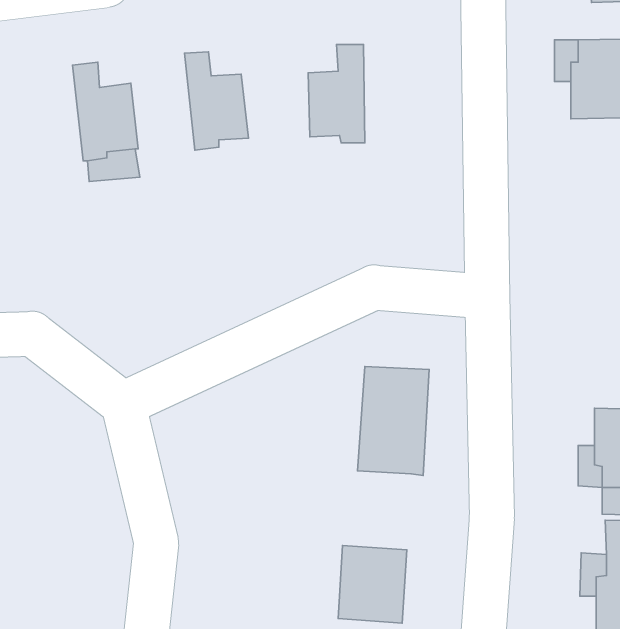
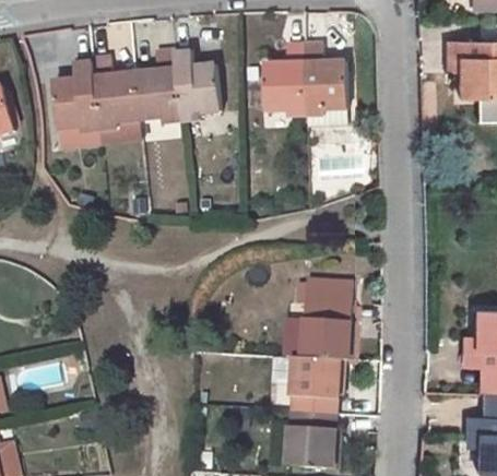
building: none -> [306,43,348,116]
building: none -> [135,50,182,123]
building: none -> [55,59,100,131]
building: none -> [291,356,341,414]

